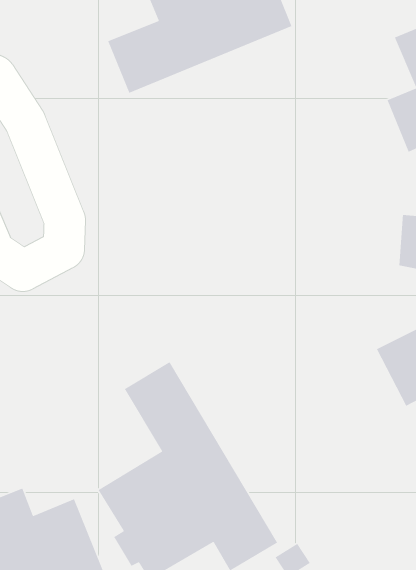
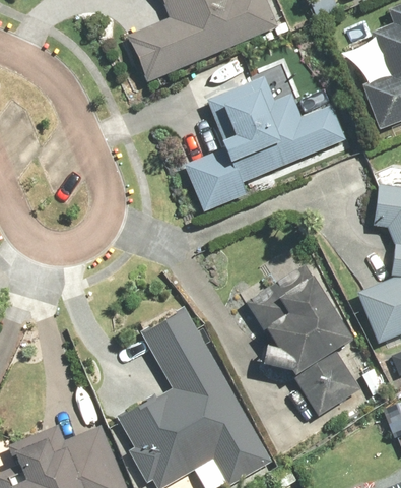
building: none -> [182,78,346,211]
building: none -> [250,267,362,417]

